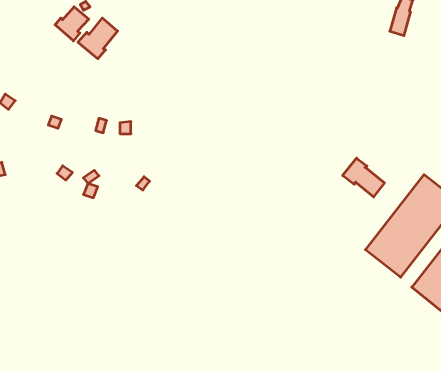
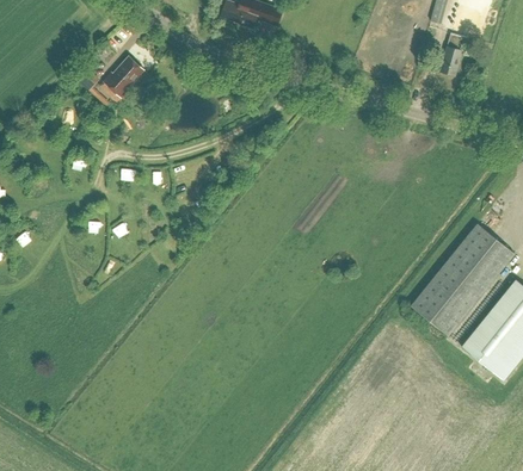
building: [55,7,89,41] -> none
building: [343,158,384,197] -> none

